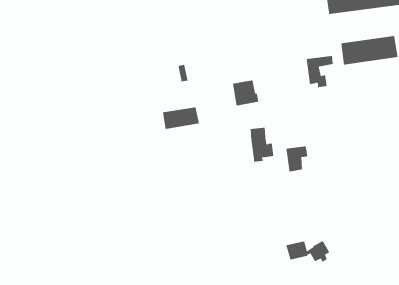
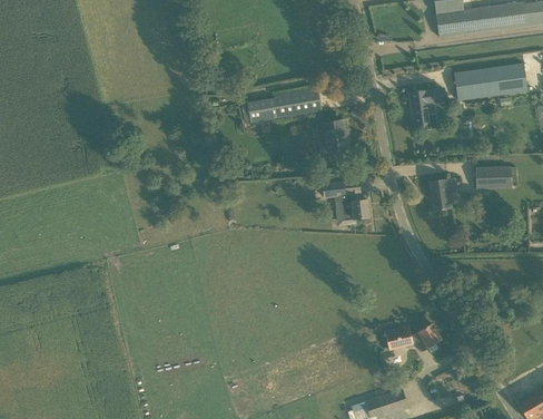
building: [162,107,200,130] -> [274,88,322,117]
building: none -> [475,166,512,187]
building: [285,146,308,172] -> [428,177,457,211]

